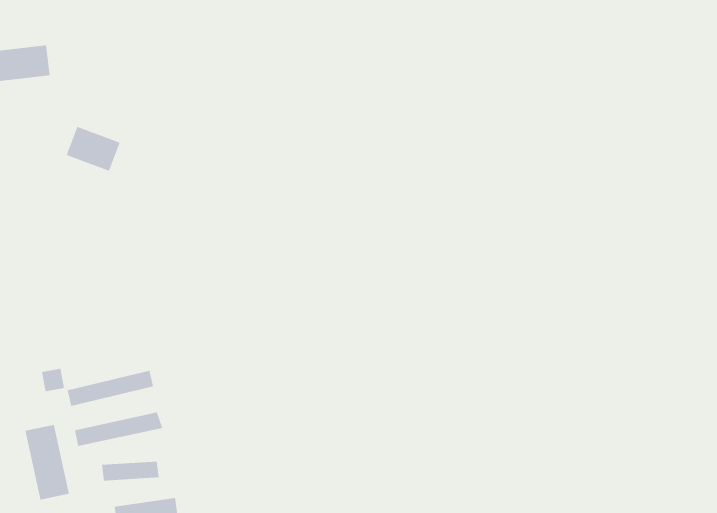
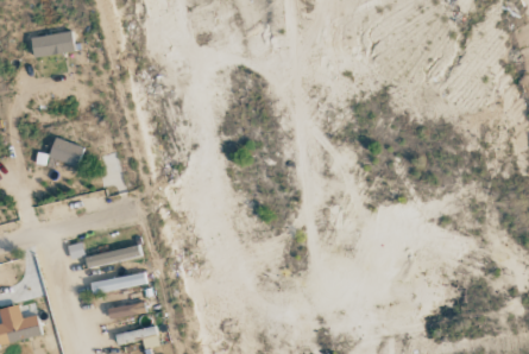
building: [66,126,120,171] -> [49,137,84,166]
building: [25,424,70,501] -> none

